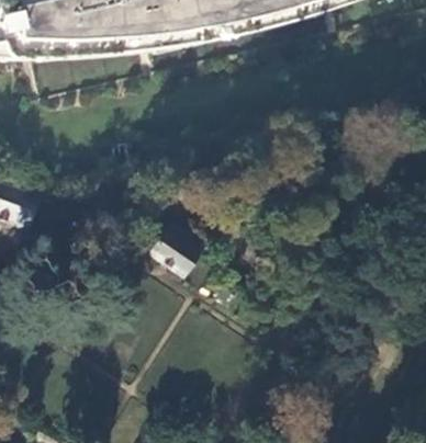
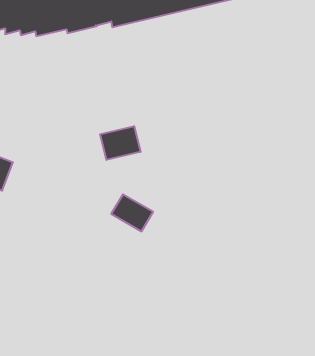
building: none -> [100,126,141,160]

